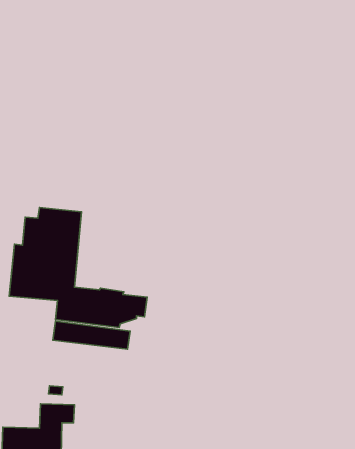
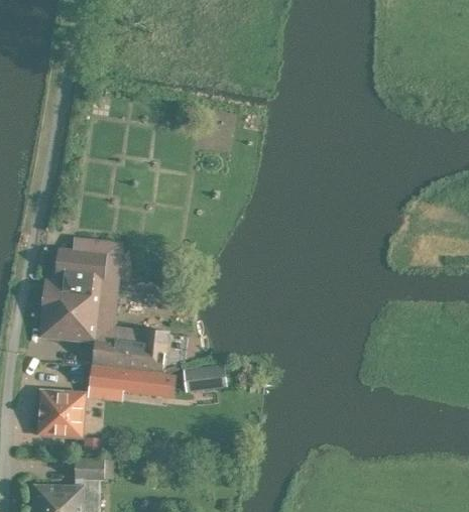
building: none -> [183,366,226,391]
building: none -> [36,390,84,436]

